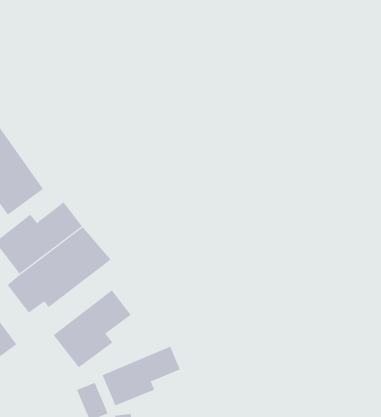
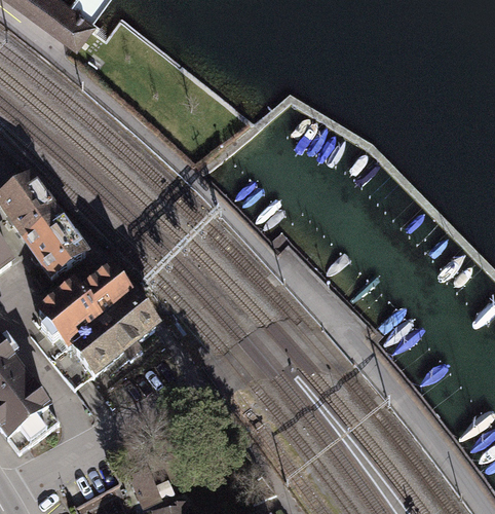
building: [53,289,131,368] -> none
building: [102,346,180,406] -> none

